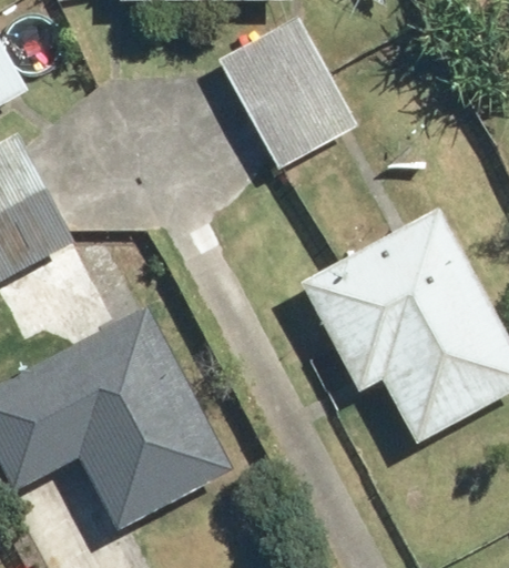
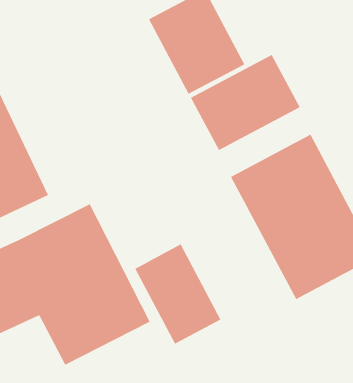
building: none -> [190,54,300,151]
building: none -> [134,244,221,344]

